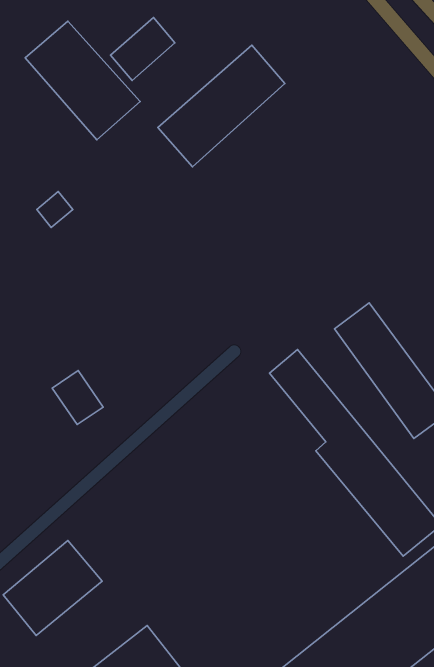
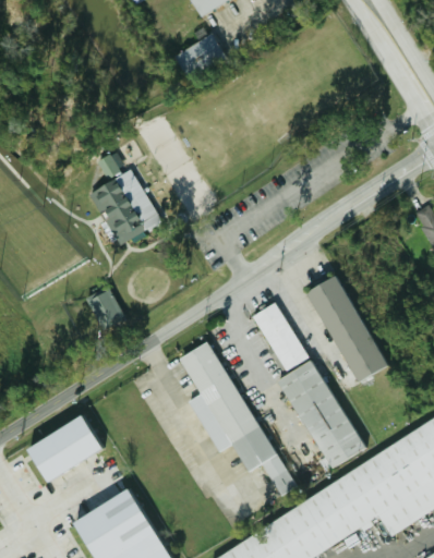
building: [25,21,140,140] -> none
building: [158,45,285,167] -> none
building: none -> [91,169,162,251]
building: none -> [180,339,293,496]

